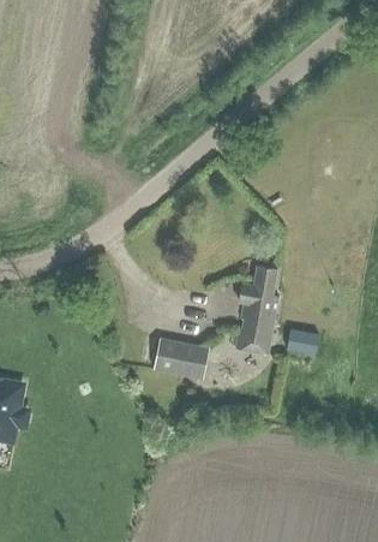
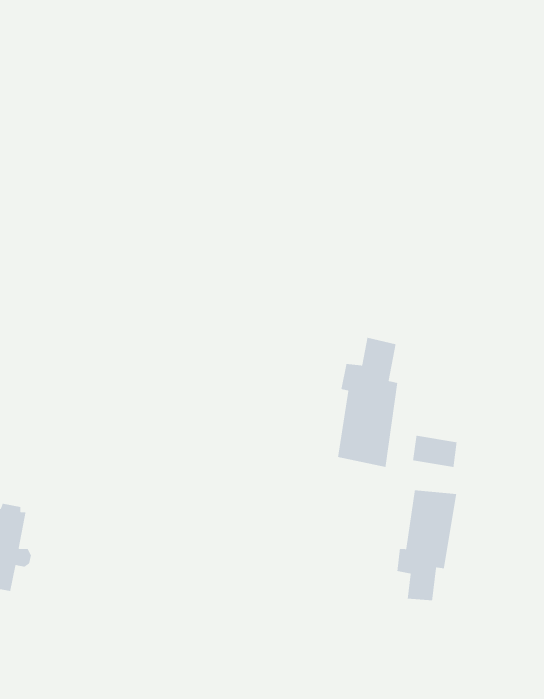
building: [152,338,210,380] -> none
building: none -> [397,489,457,601]

